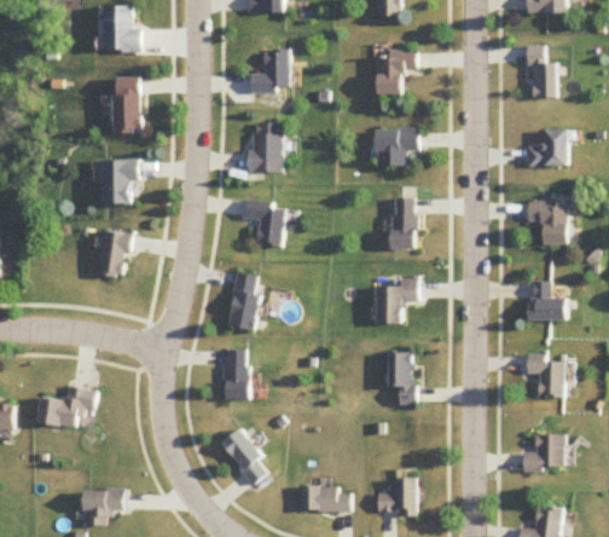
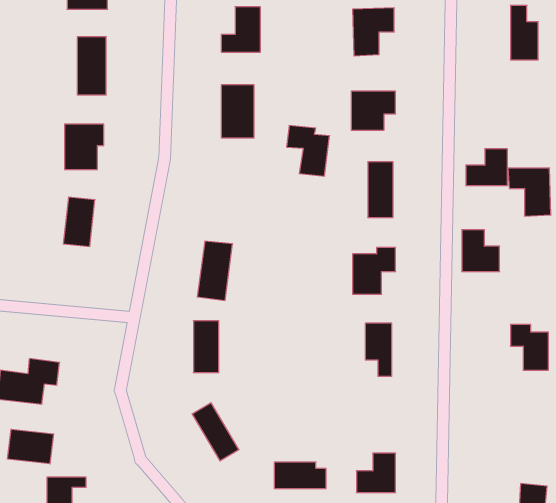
building: [524,131,564,166] -> [466,149,507,185]
building: [244,198,285,247] -> [287,126,330,176]
building: [527,281,563,321] -> [462,230,500,271]
building: [523,433,563,468] -> none
building: none -> [8,429,54,464]

